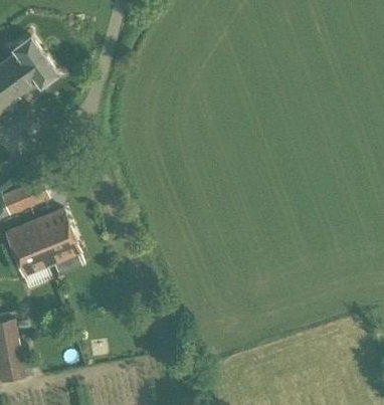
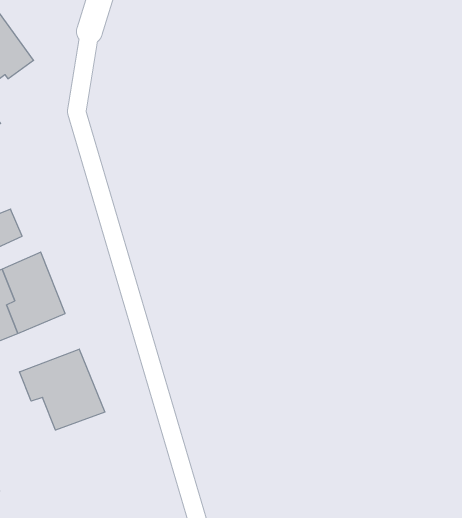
building: none -> [20,349,105,430]

